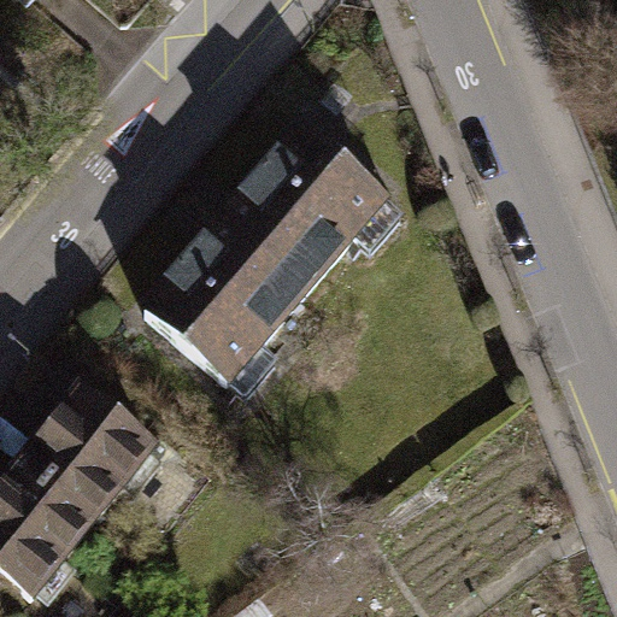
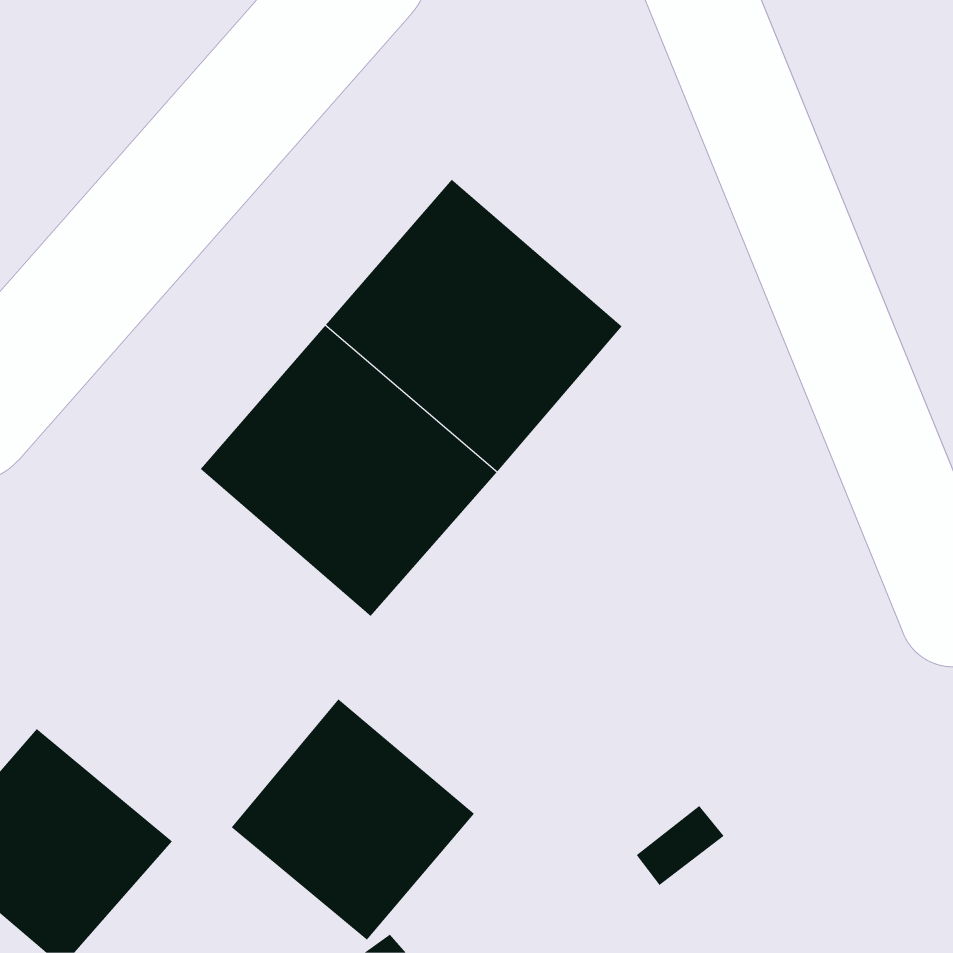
building: [23,376,176,528] -> [231,699,475,941]

